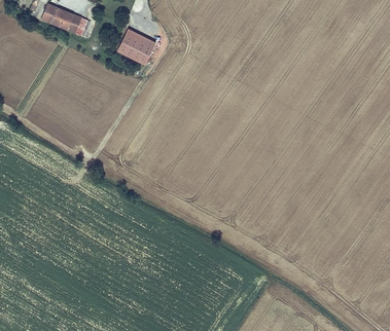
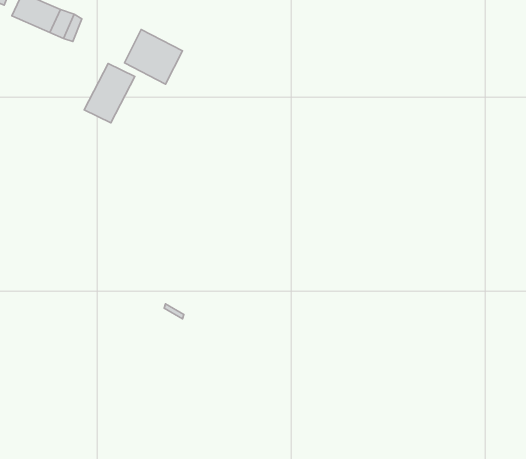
building: none -> [84,64,135,123]

